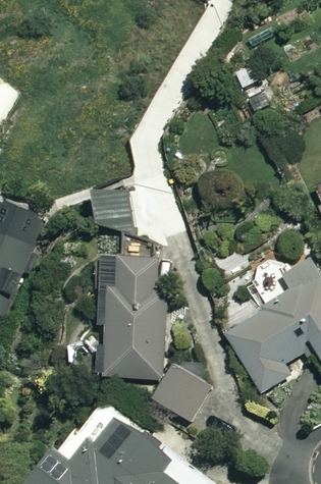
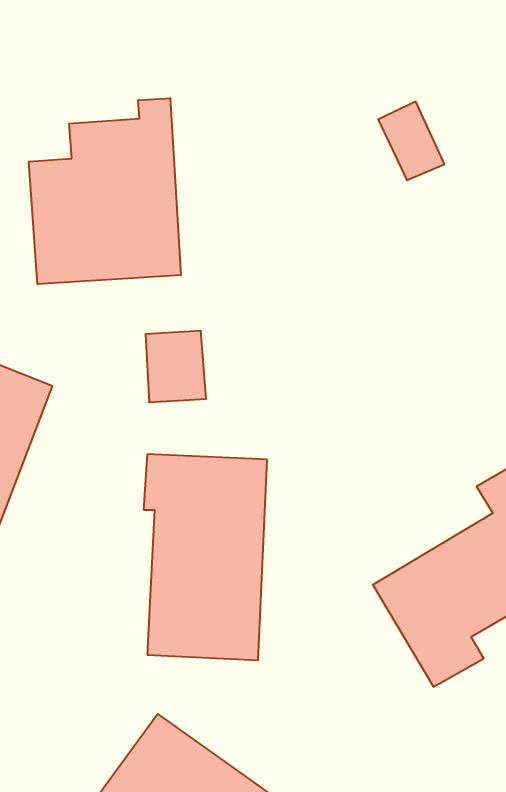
building: none -> [29,98,181,284]
building: [155,366,212,422] -> none

